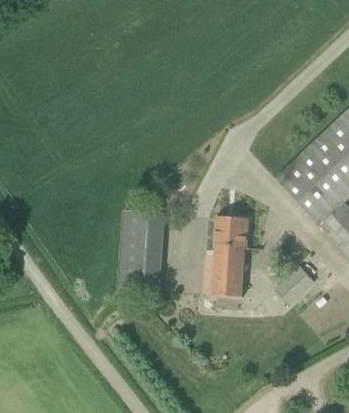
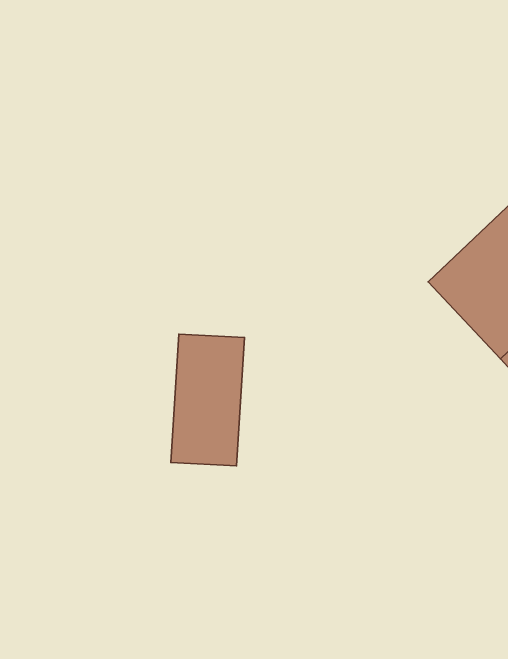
building: [211,215,247,296] -> none
building: [282,264,315,296] -> none

